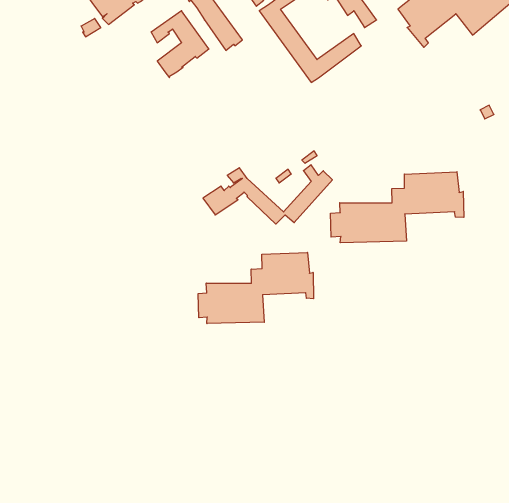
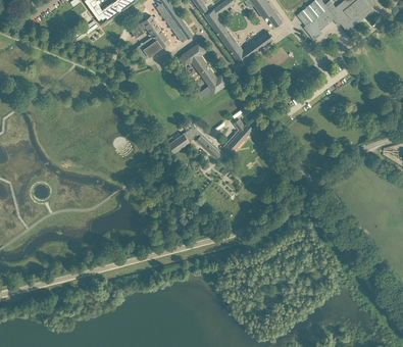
building: none -> [179,44,226,100]
building: [331,172,464,243] -> none
building: [198,252,314,324] -> none

